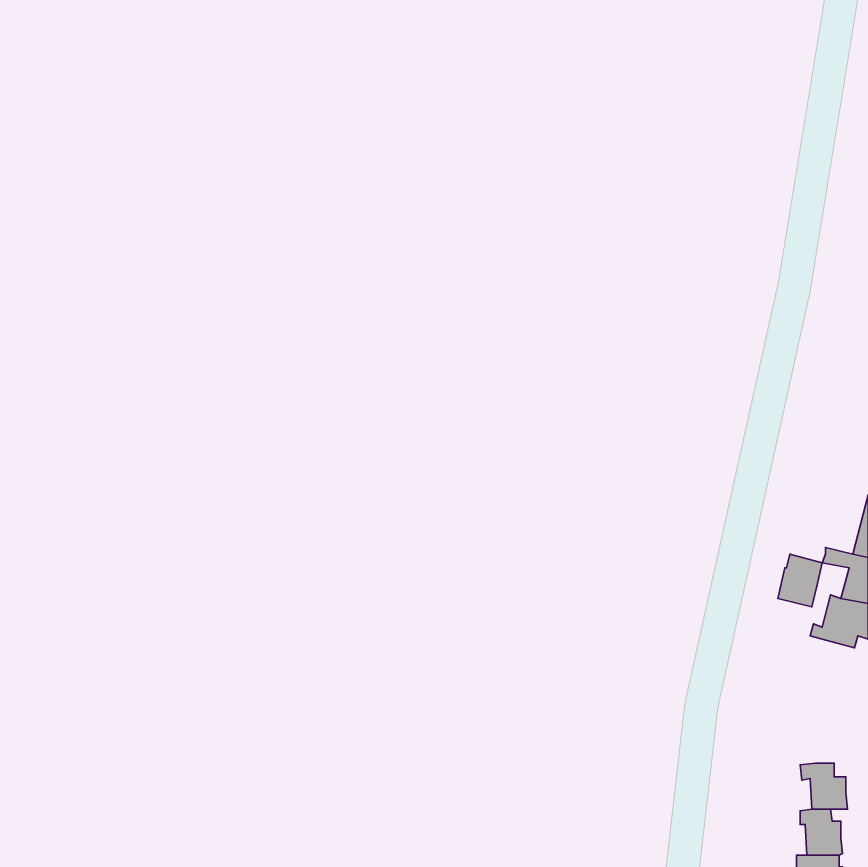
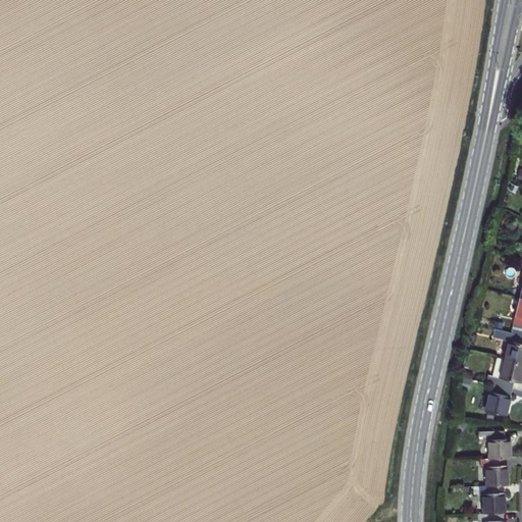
building: [778,554,822,607] -> [486,384,513,416]
building: none -> [479,432,512,459]

